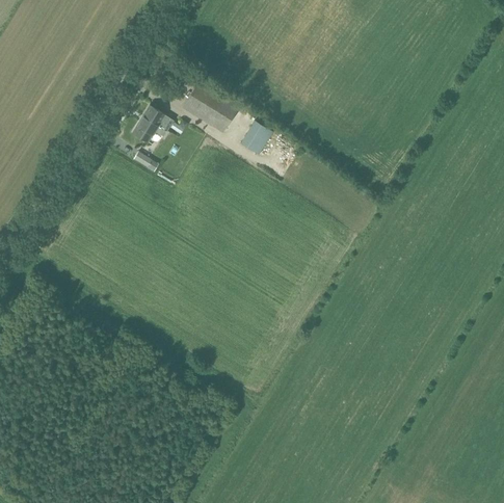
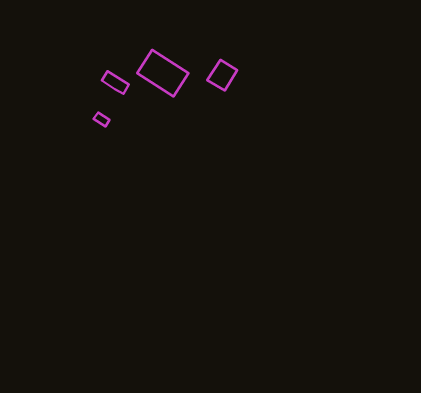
building: [133,115,167,141] -> none
building: [239,121,272,155] -> [207,60,237,91]

